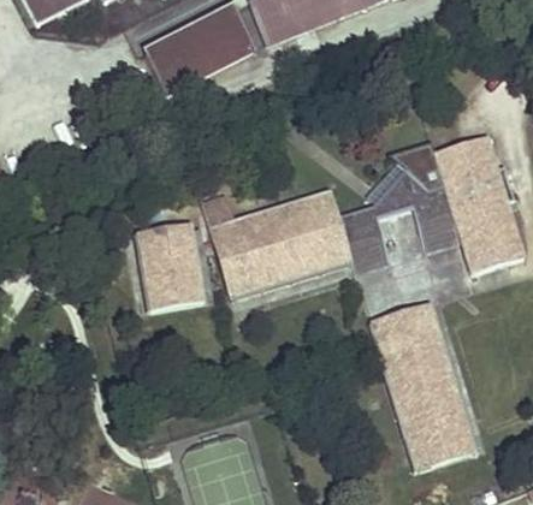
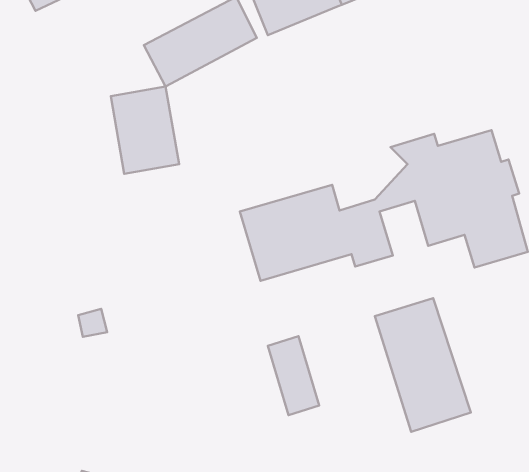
building: [209,216,260,295] -> [268,336,319,415]
building: [137,222,205,309] -> [111,86,179,174]
building: [409,415,479,468] -> none

